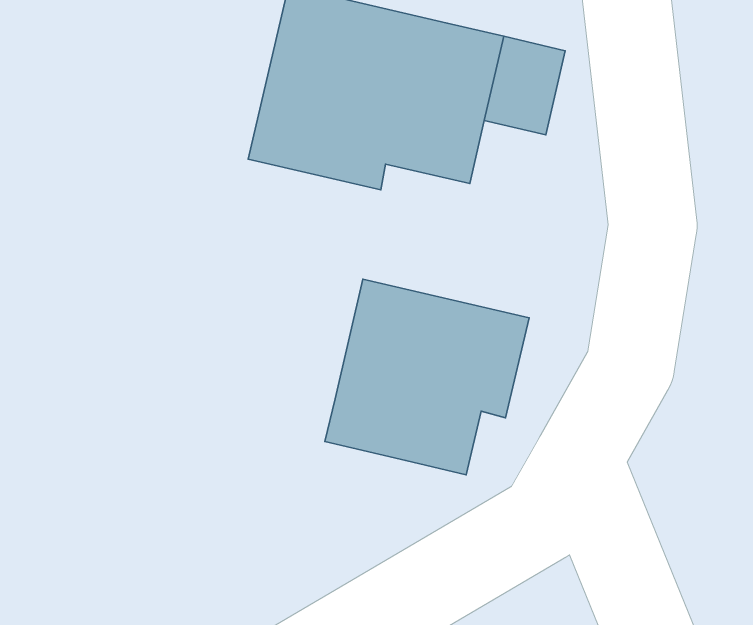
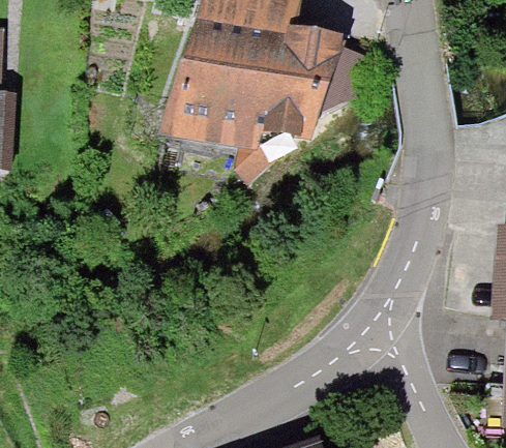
building: [325,279,529,475] -> none

